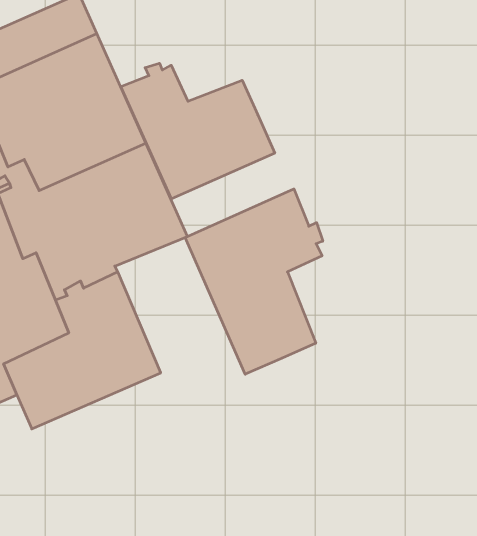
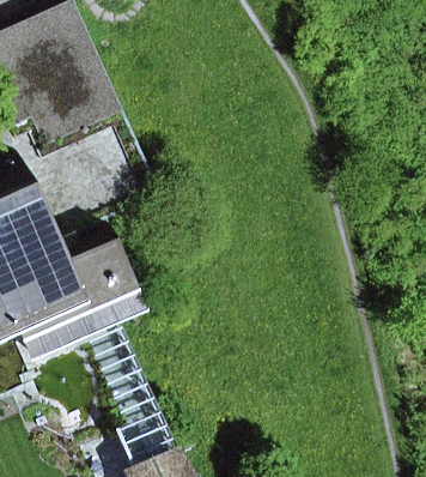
building: [121,63,275,199] -> none
building: [185,189,323,374] -> none

